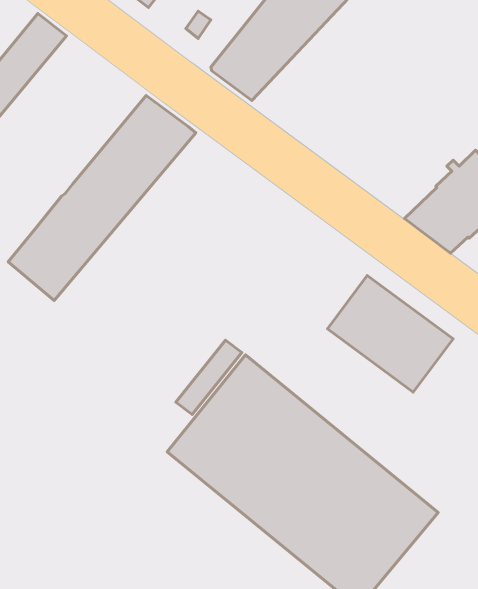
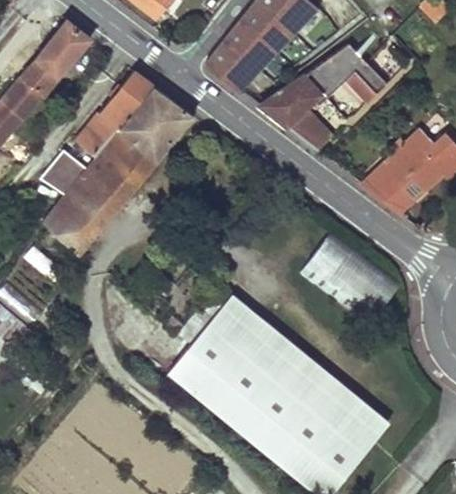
building: none -> [259,44,387,151]
building: none -> [76,72,154,158]
building: none -> [41,150,86,194]

